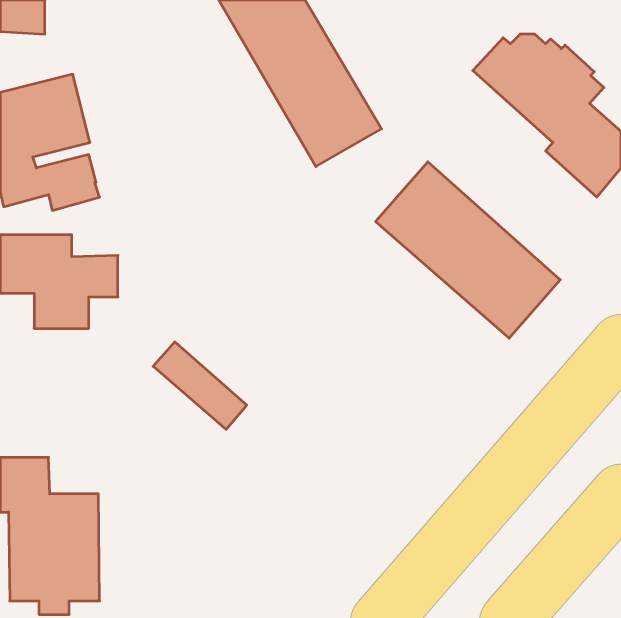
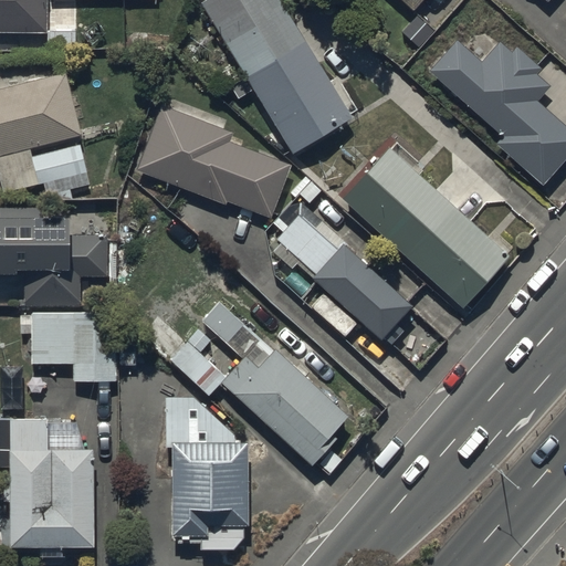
building: none -> [136,104,287,217]
building: none -> [282,216,412,338]
building: none -> [203,304,350,460]
building: none -> [33,312,115,380]
building: none -> [167,398,244,552]

